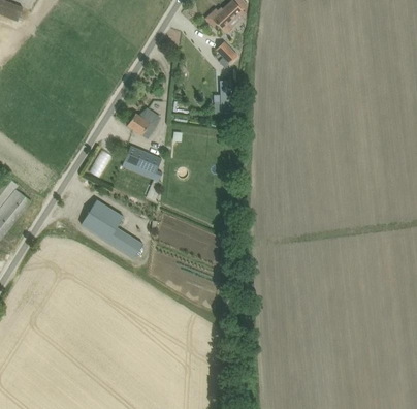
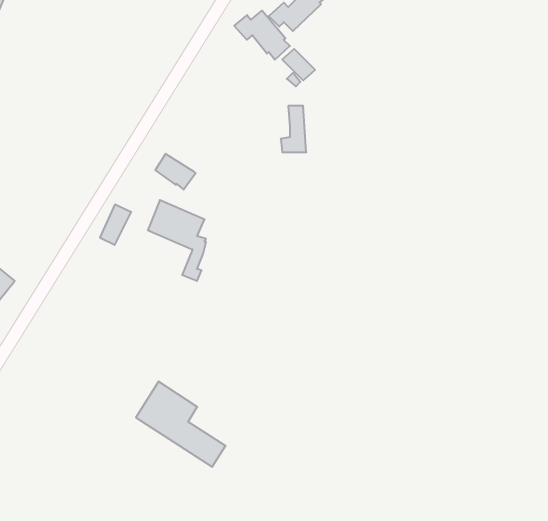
building: none -> [234,11,290,60]
building: [81,199,142,258] -> [136,382,226,467]

